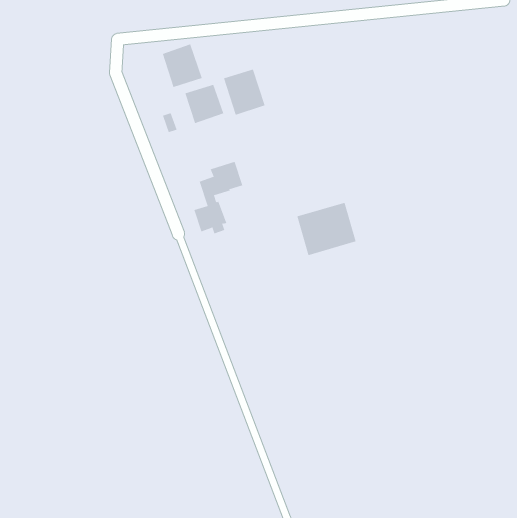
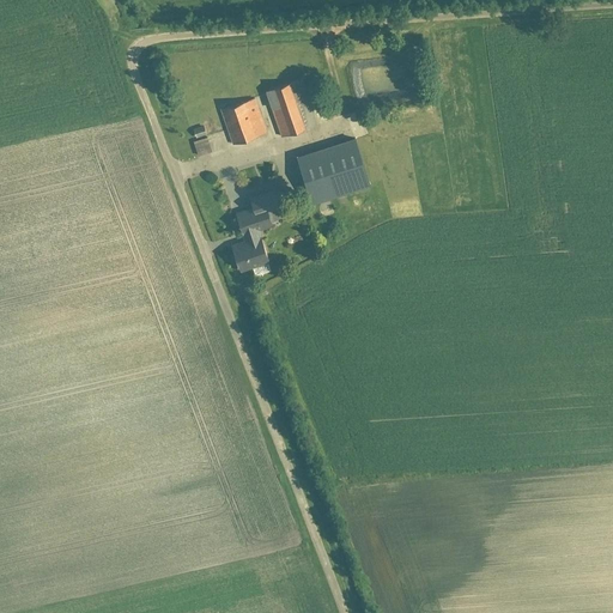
building: [162,43,202,88] -> none
building: [297,202,356,256] -> [297,140,368,204]

